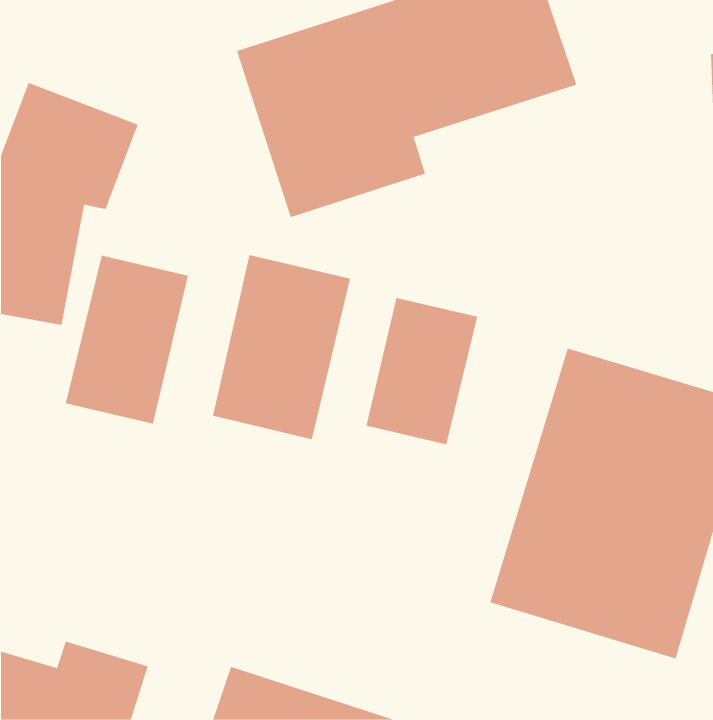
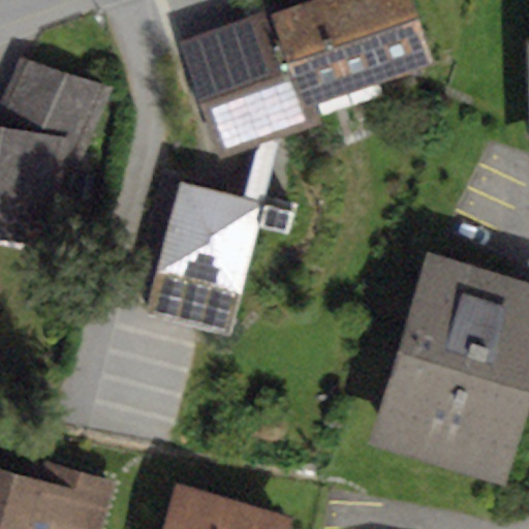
building: [65,255,188,425] -> none
building: [366,297,478,445] -> none

